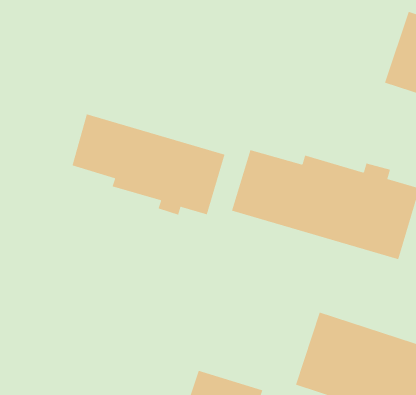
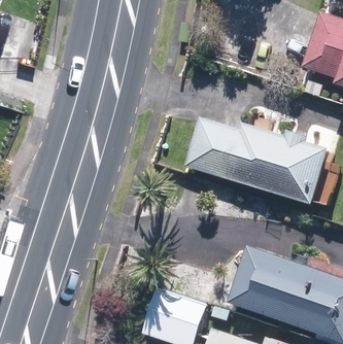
building: [72,114,225,215] -> none

